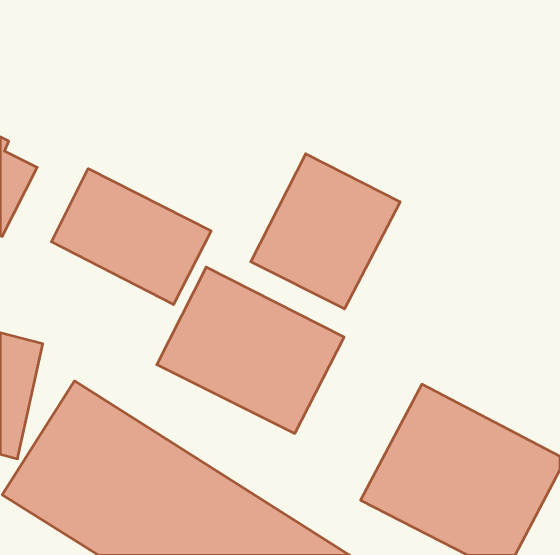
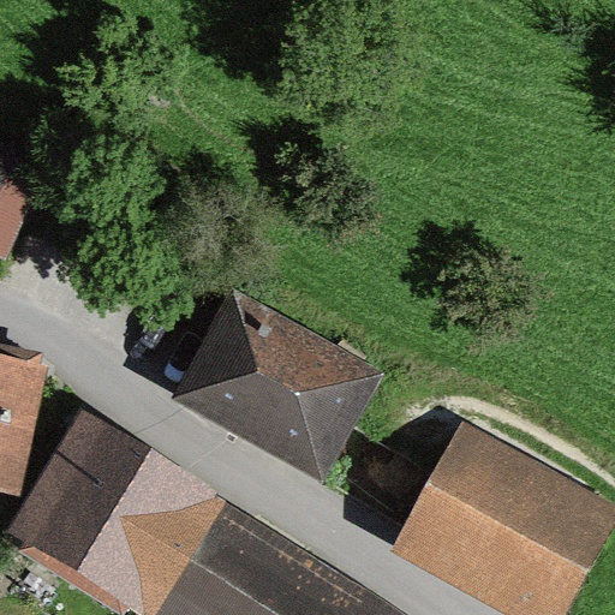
building: [251,154,400,309] -> none
building: [51,169,211,305] -> none

